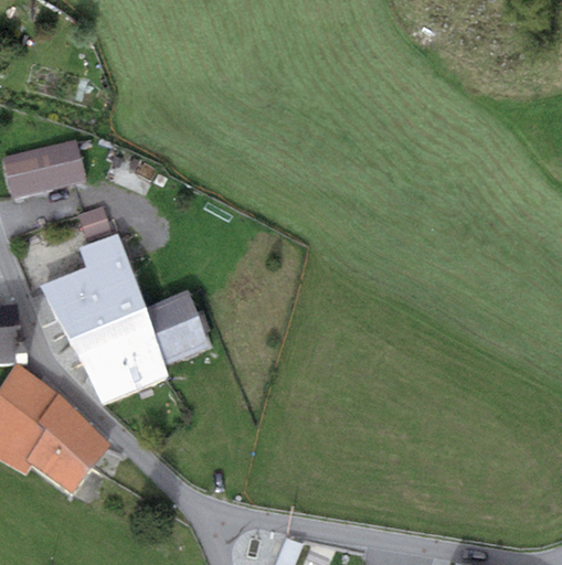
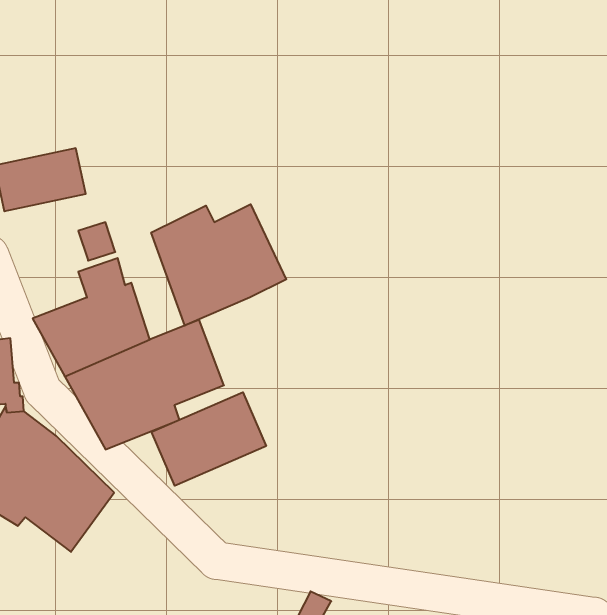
building: none -> [151,204,286,326]
building: none -> [152,392,266,486]

